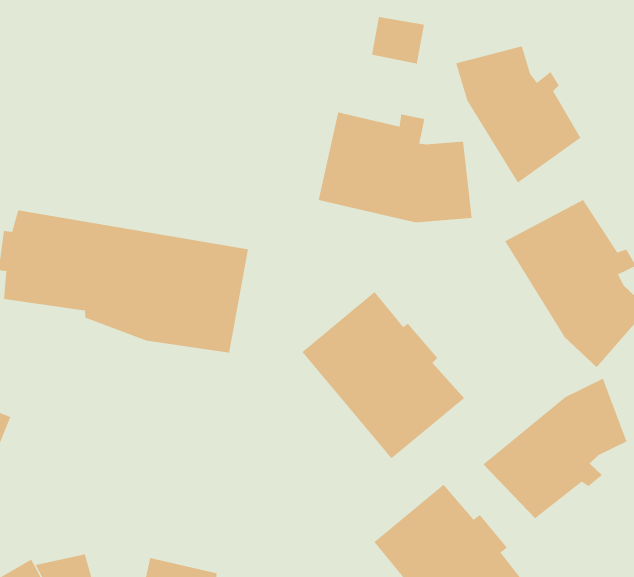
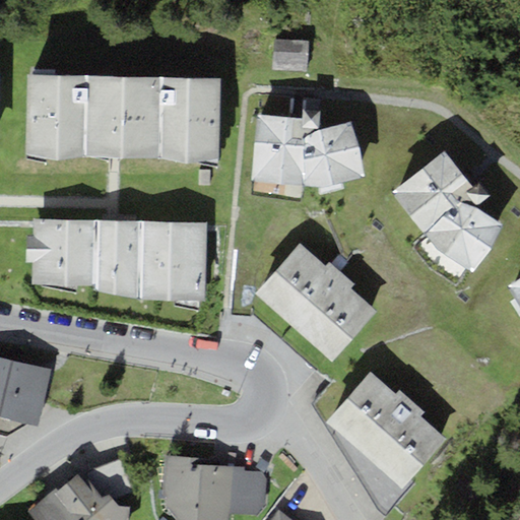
building: none -> [26,75,219,158]
building: [455,45,581,183] -> none
building: [482,378,627,519] -> none

